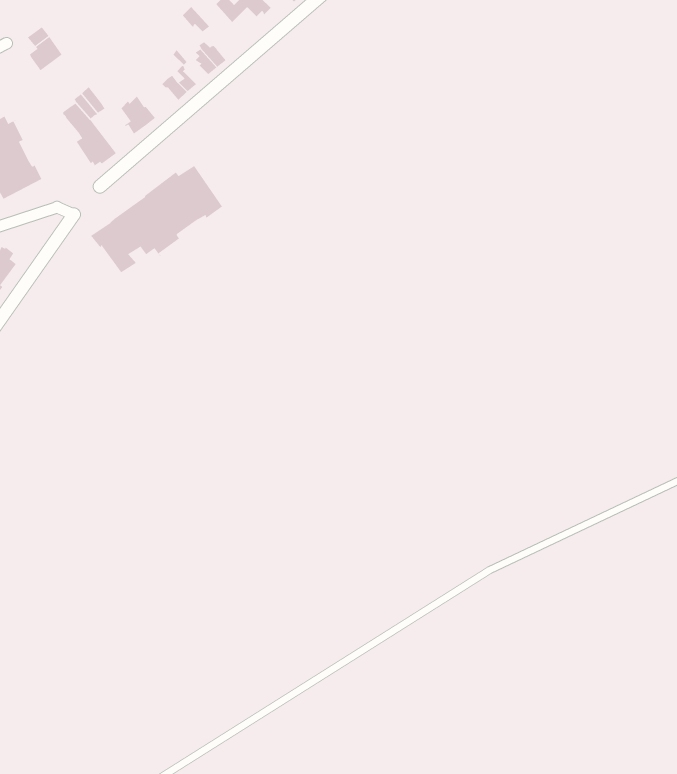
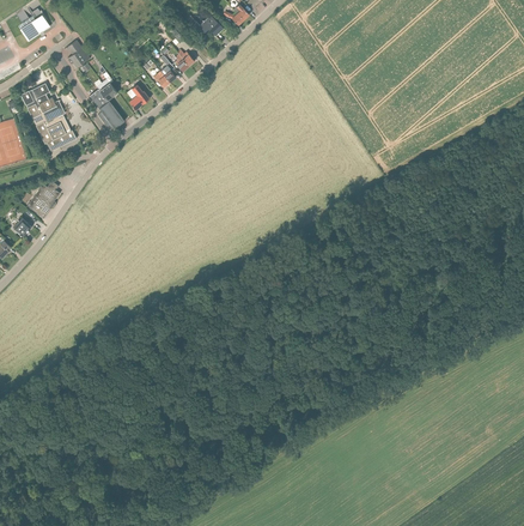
building: [90,165,223,273] -> none

